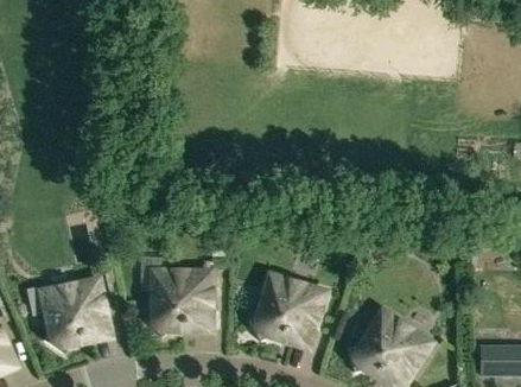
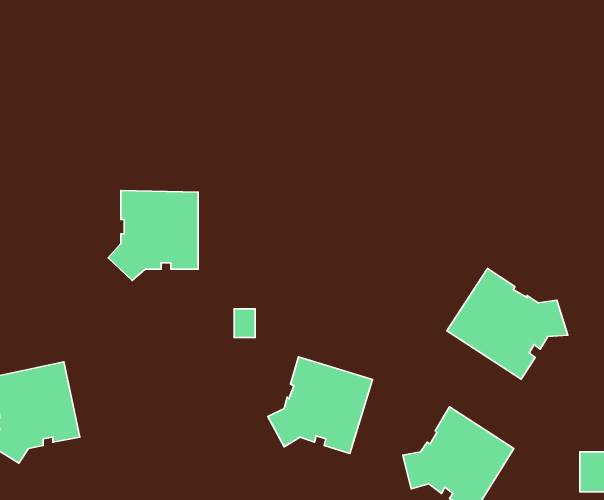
building: none -> [447,268,568,379]
building: [144,266,210,332] -> [108,190,198,280]

